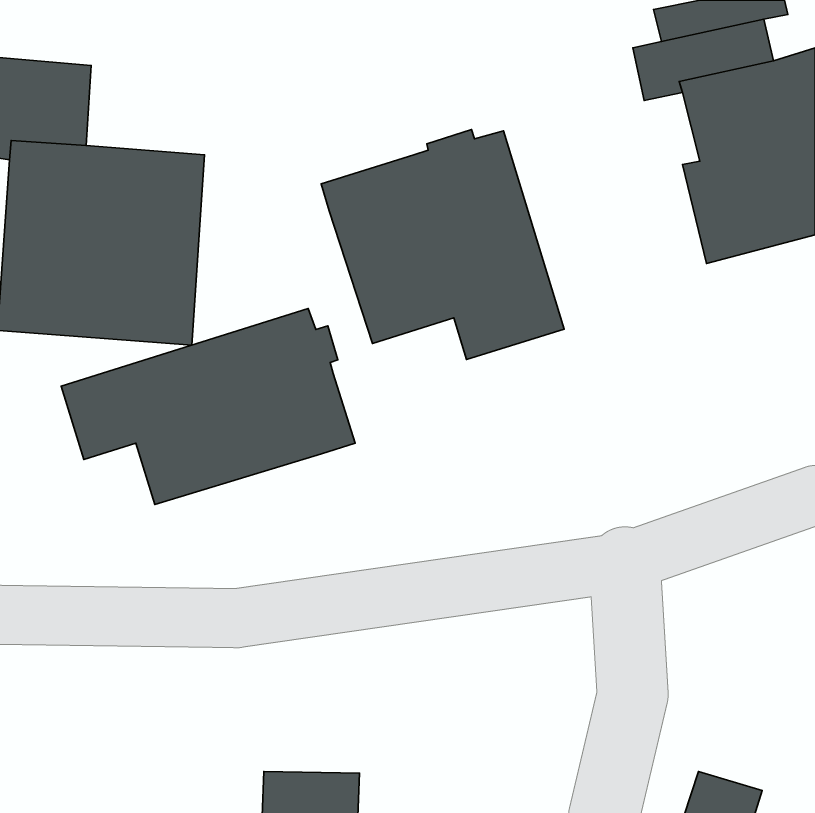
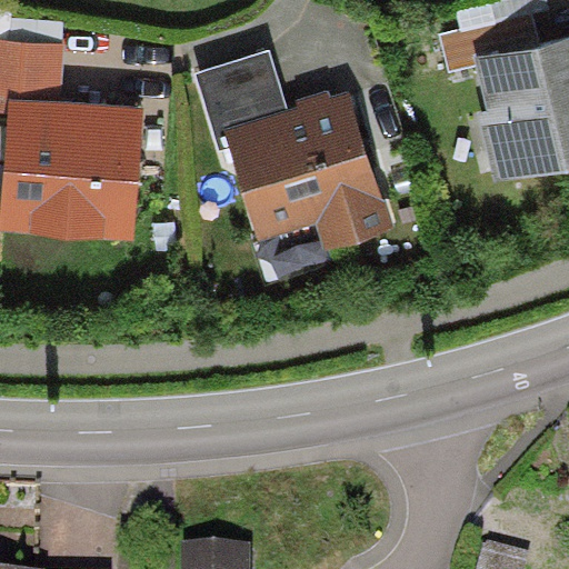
building: none -> [194,51,288,152]
building: [61,308,355,504] -> none

